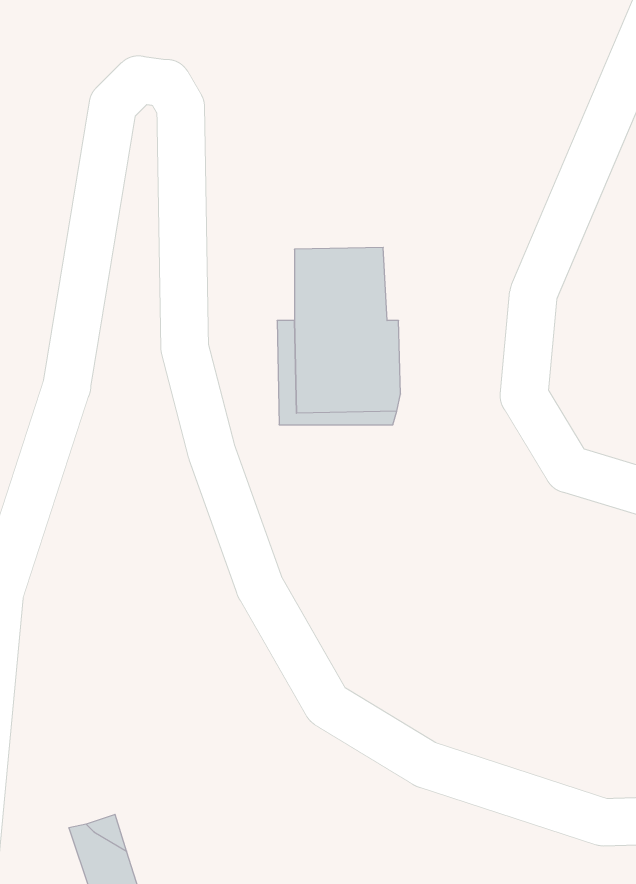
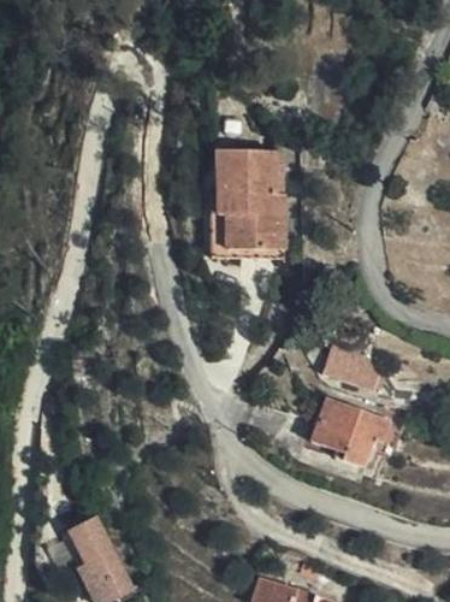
building: none -> [320,353,381,399]
building: none -> [310,407,387,476]

